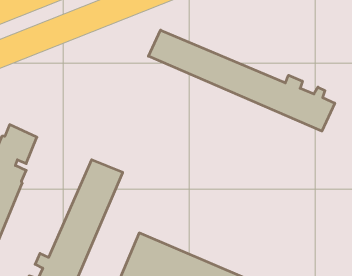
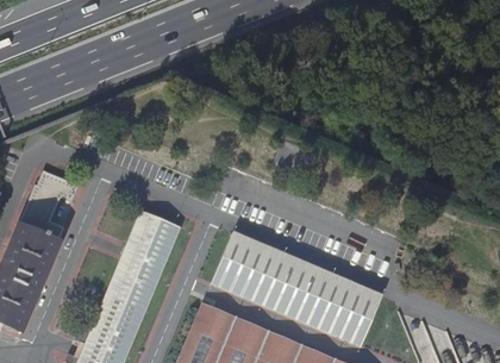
building: [148,30,335,131] -> none
building: none -> [212,232,380,345]

